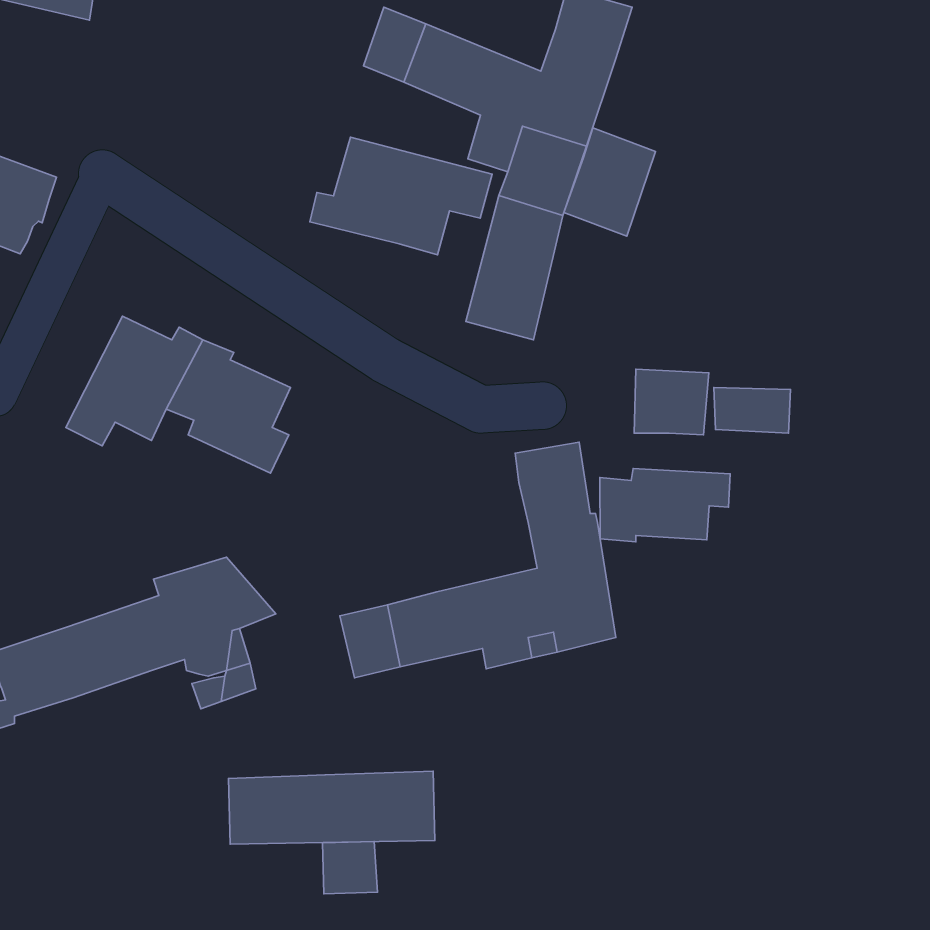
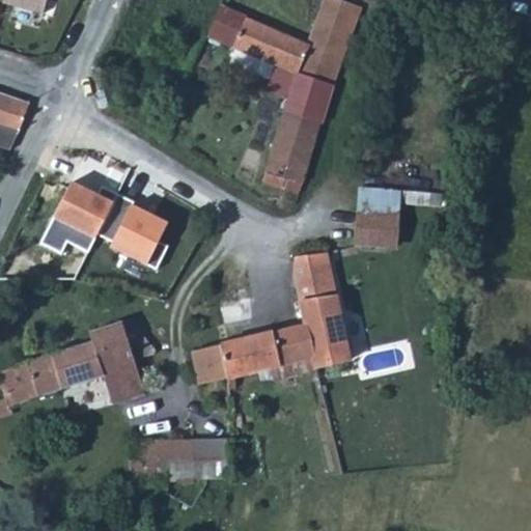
building: [564,128,656,236] -> none
building: [310,137,492,255] -> none
building: [714,388,790,433] -> [360,186,403,212]
building: [600,469,730,542] -> none
building: [323,842,378,894] -> none

